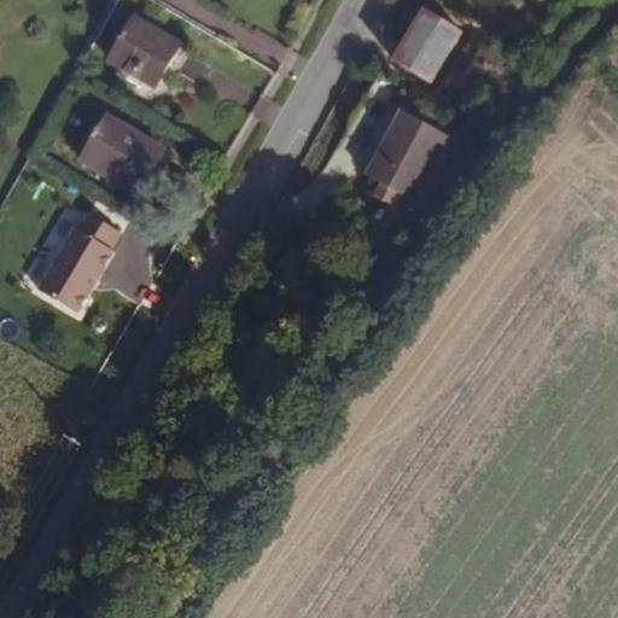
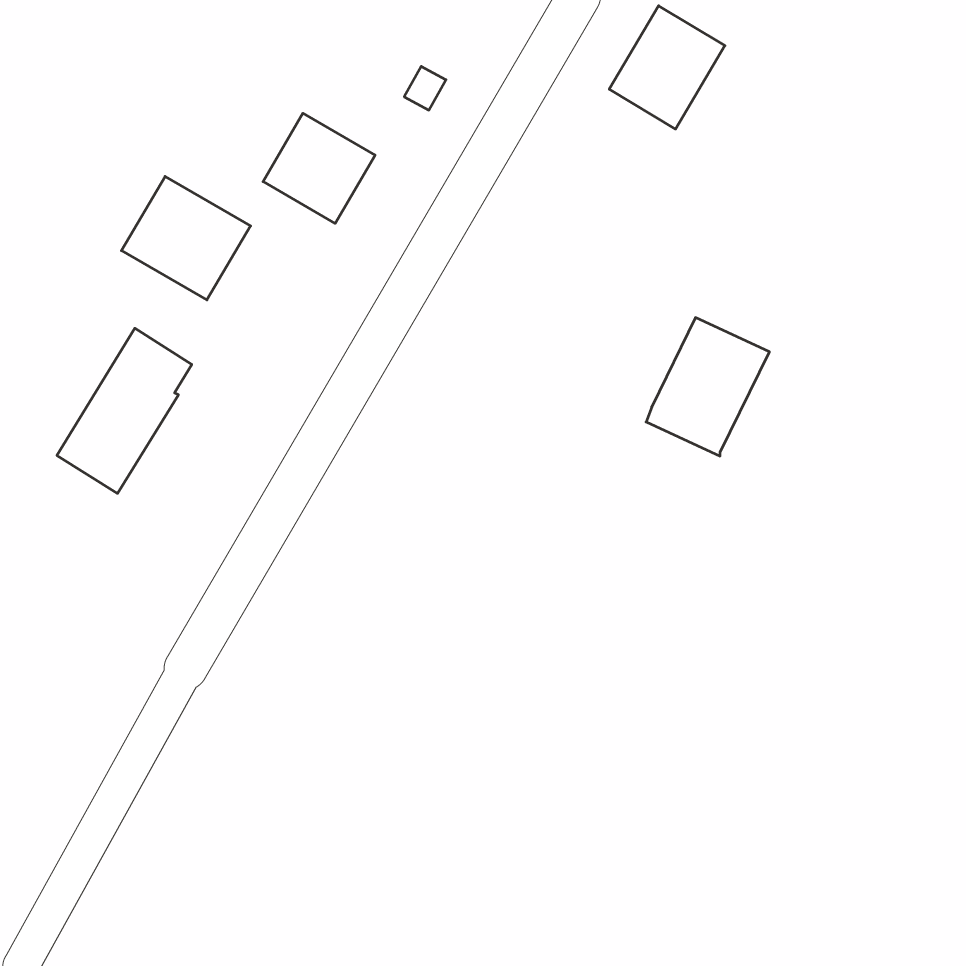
building: [105,12,176,82] -> [263,113,375,223]
building: [365,109,443,197] -> [646,318,769,456]

